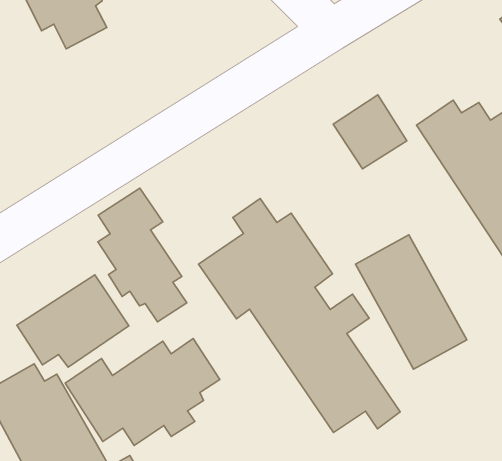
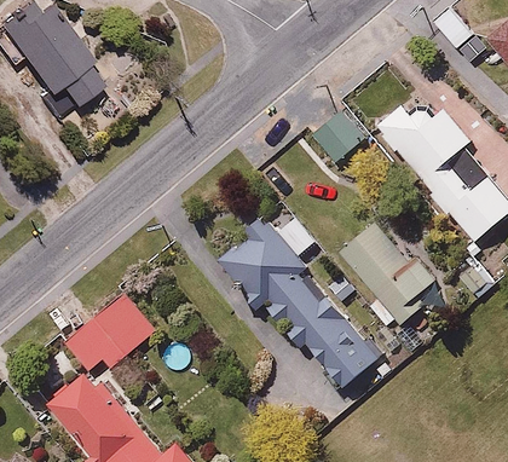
building: [98,188,187,322] -> none
building: [65,338,220,445] -> none

